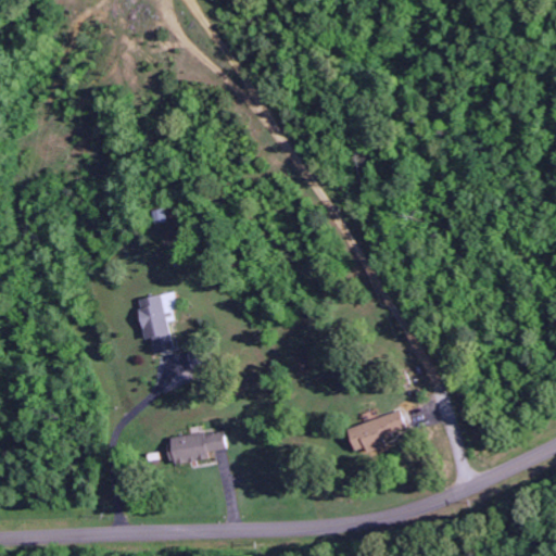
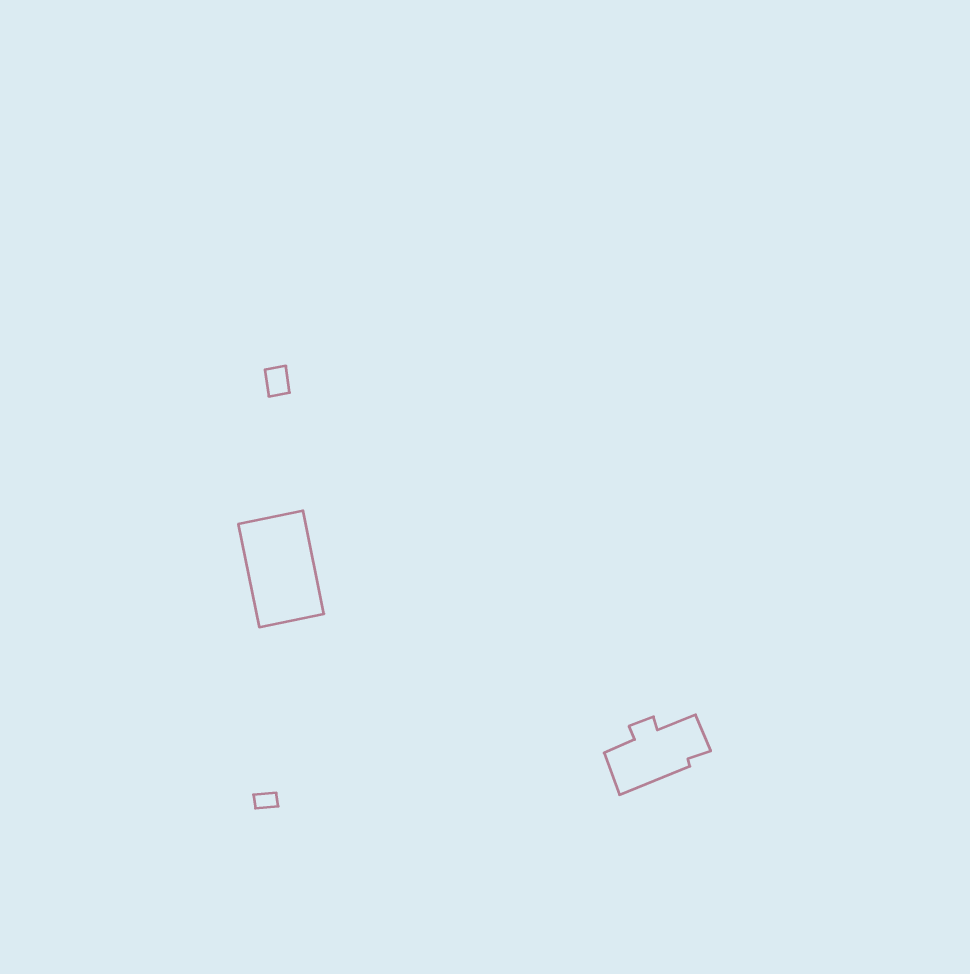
building: [165,424,228,469] -> none

